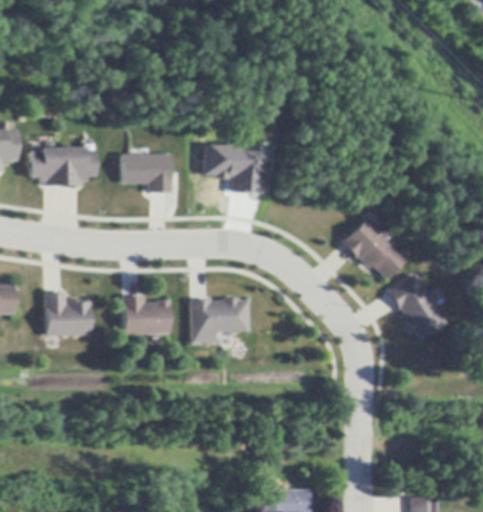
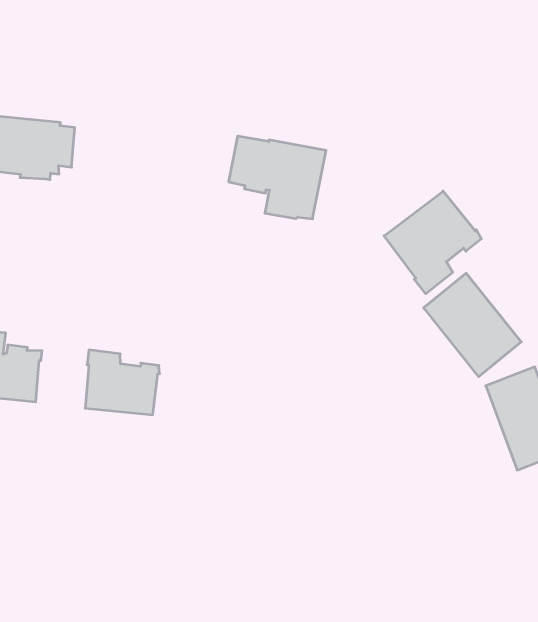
building: [119,151,169,191] -> none
building: none -> [384,191,481,294]
building: [191,298,249,332] -> none

